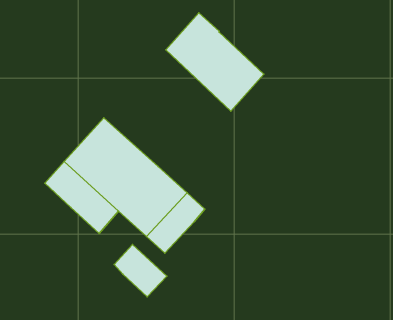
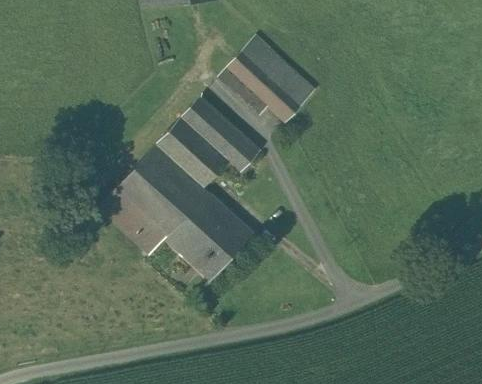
building: none -> [150,94,255,189]
building: [114,244,167,297] -> none

